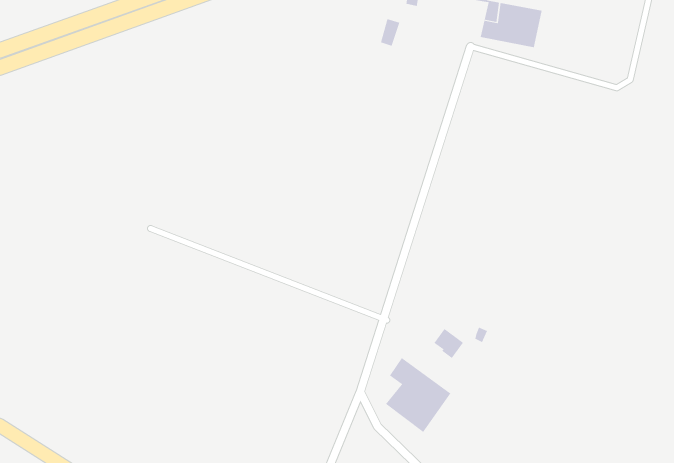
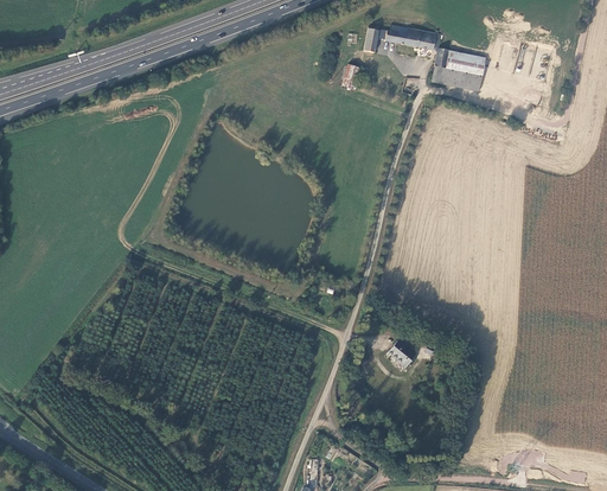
building: [385,357,451,433] -> none

